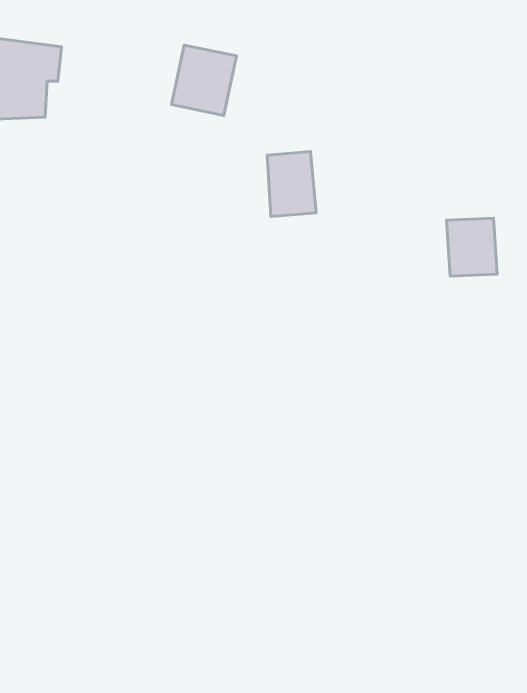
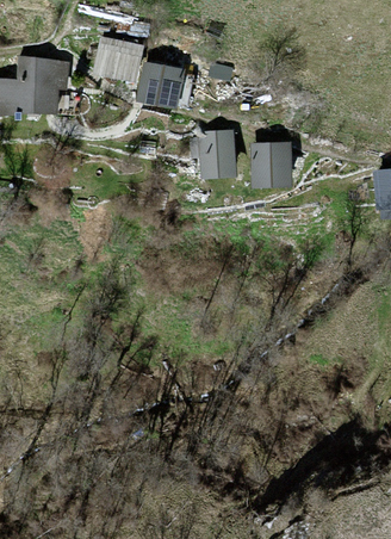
building: none -> [95,38,139,76]
building: [447,218,497,276] -> [254,144,287,182]

